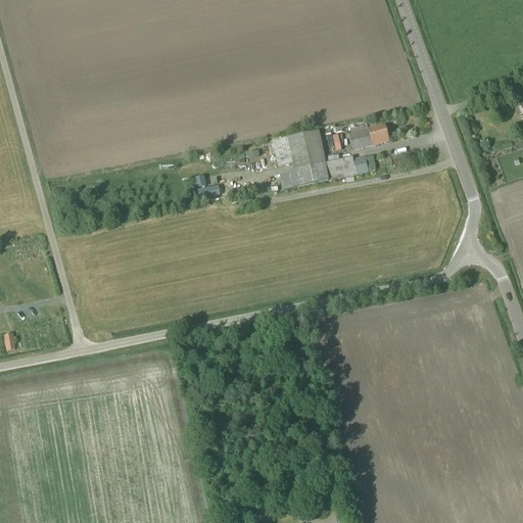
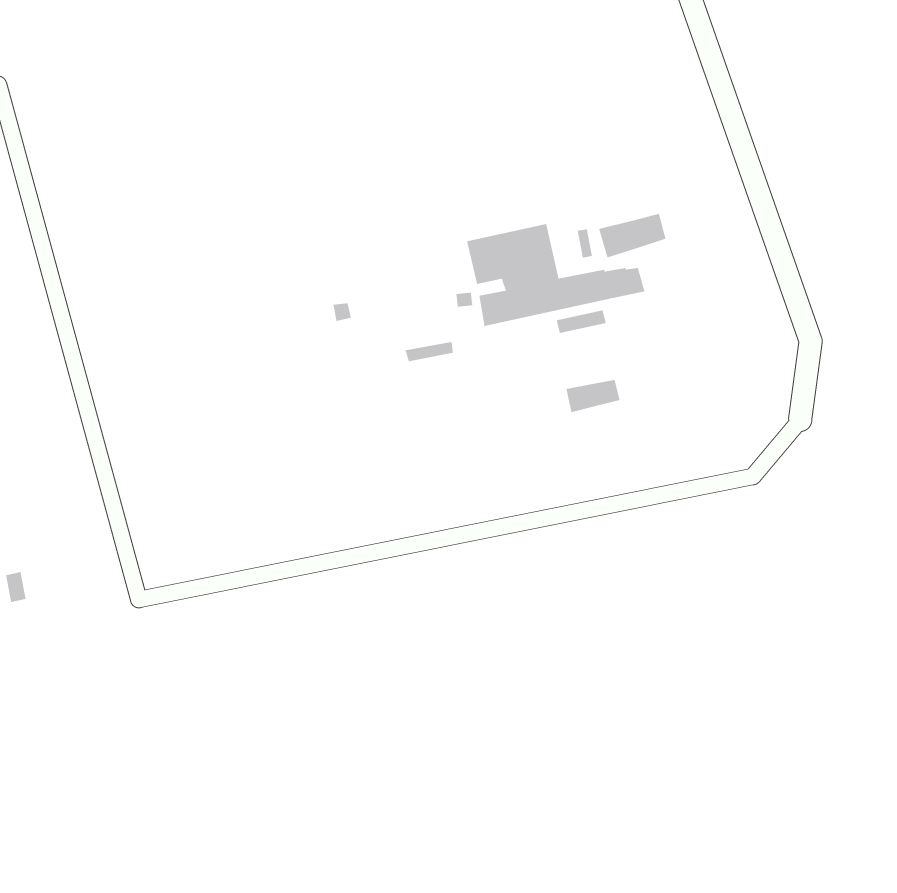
building: none -> [565,379,620,413]

